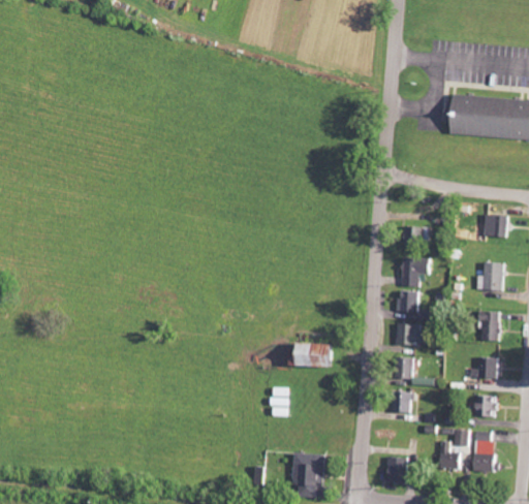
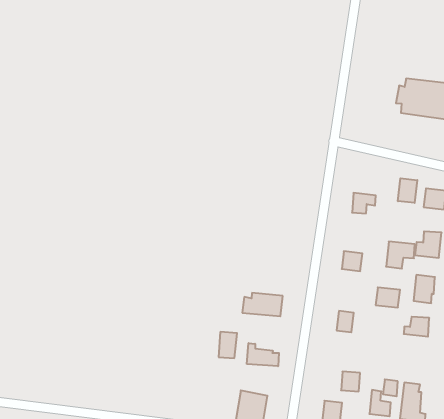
building: none -> [398,178,417,203]
building: [401,257,431,286] -> [386,242,415,269]
building: [396,323,422,344] -> [376,287,400,307]
building: [393,391,412,412] -> [341,372,360,391]
building: [475,395,497,416] -> none
building: none -> [247,343,279,366]

